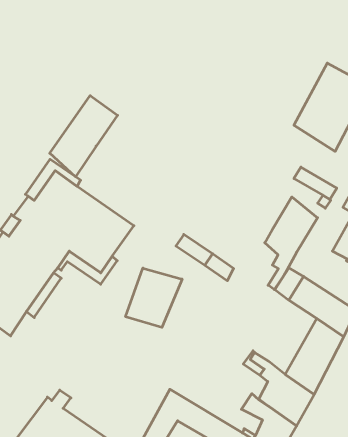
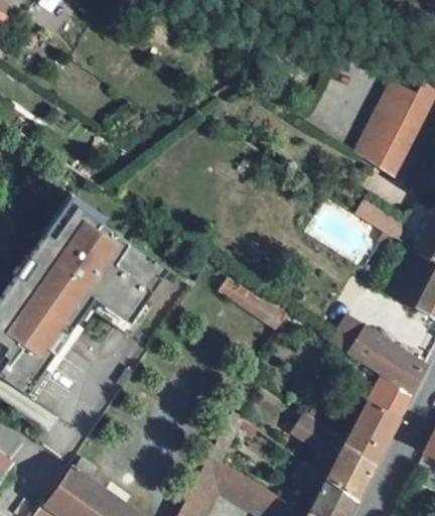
building: [50,96,118,177] -> none
building: [265,197,318,290] -> none
building: [126,268,182,327] -> none

